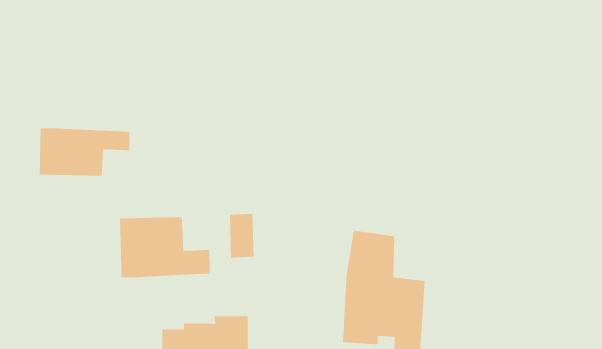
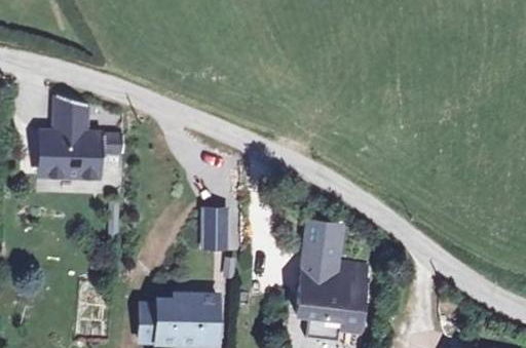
building: none -> [51,100,93,137]
building: [119,217,210,278] -> none

